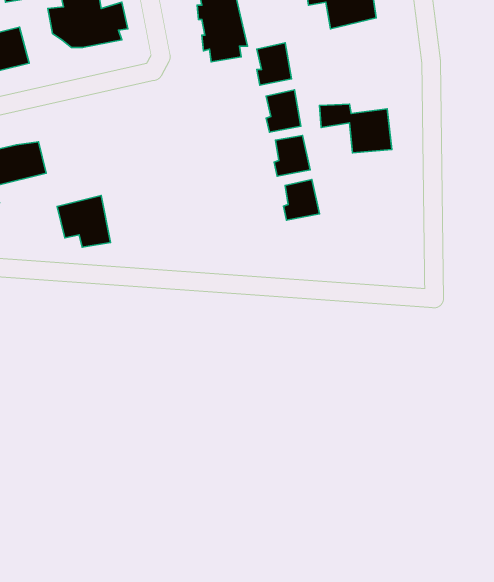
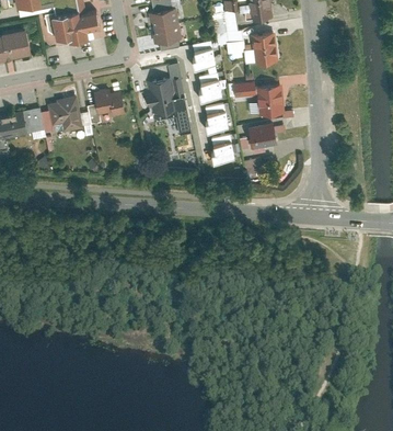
building: none -> [217,32,278,66]
building: none -> [146,79,182,122]
building: none -> [93,87,127,121]
building: none -> [250,124,279,150]
building: [57,195,111,247] -> [47,97,84,133]

